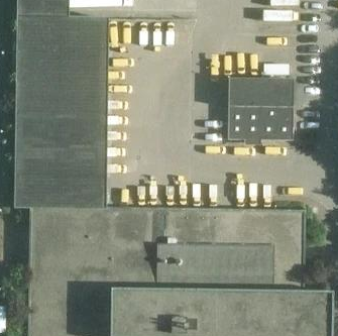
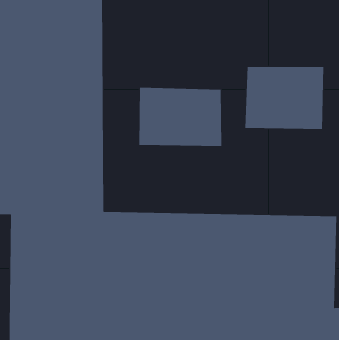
building: none -> [139,87,222,147]

